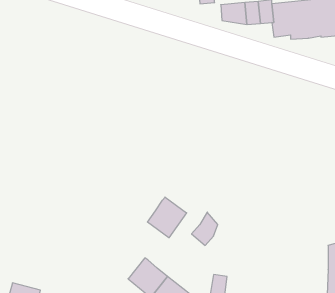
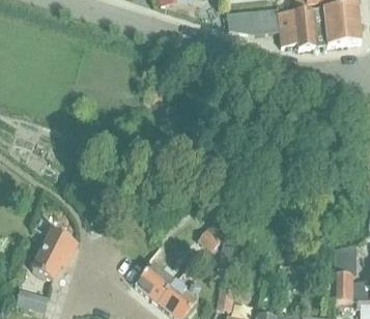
building: [147,197,187,238] -> none
building: none -> [32,229,77,279]

